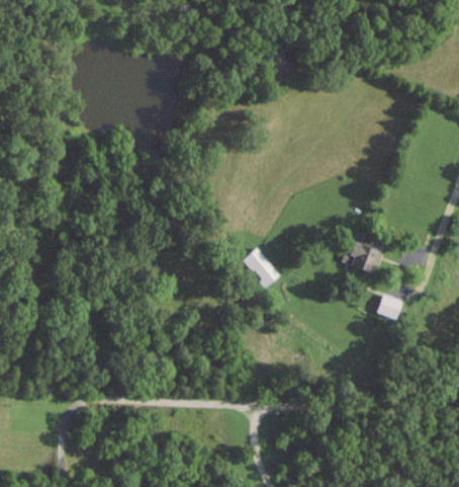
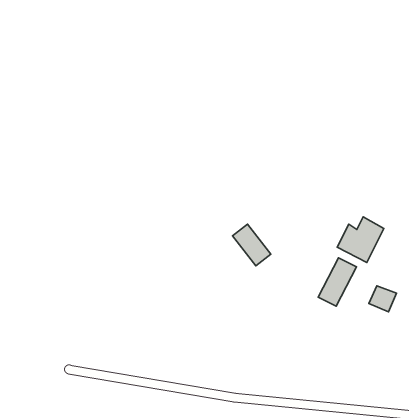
building: none -> [318,258,356,306]

